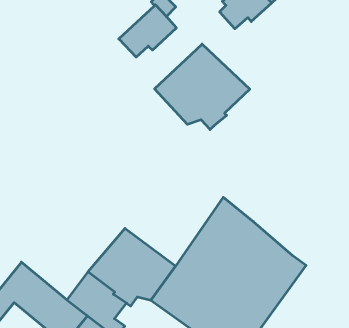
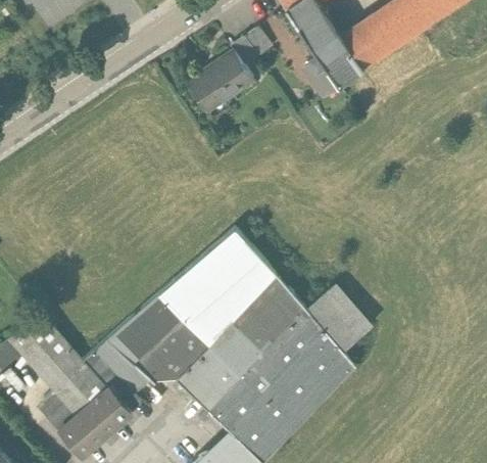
building: [155,44,250,130] -> none
building: none -> [160,231,276,345]
building: none -> [305,285,373,355]

